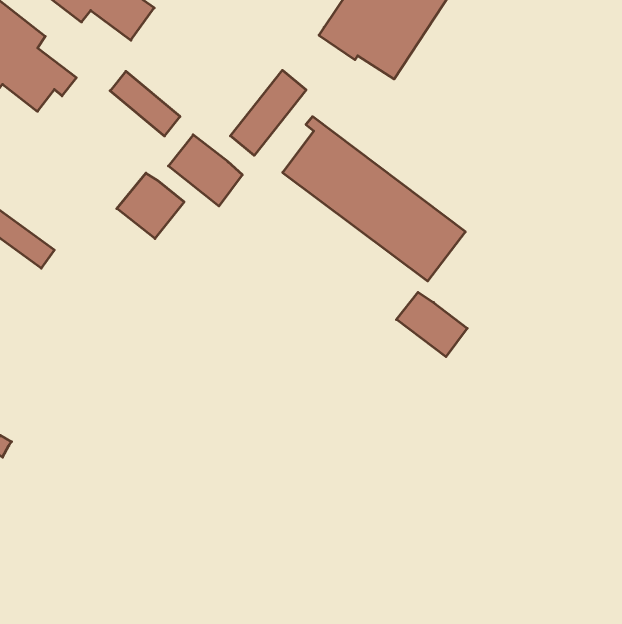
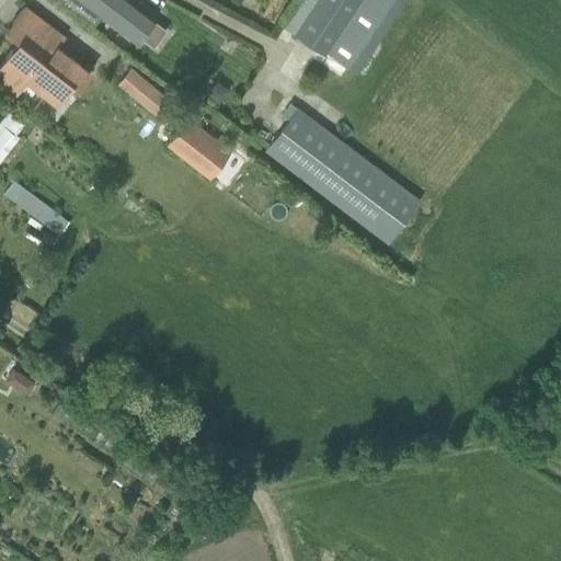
building: [230,70,306,155] -> none
building: [117,173,184,239] -> none
building: [396,292,467,357] -> none

